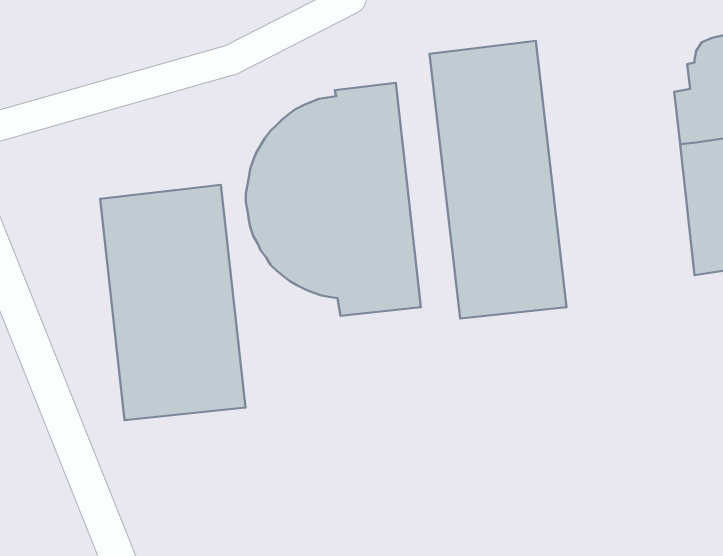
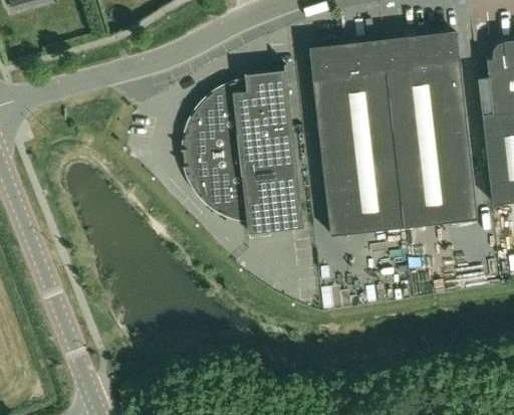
building: none -> [382,33,478,225]
building: [100,185,246,420] -> none

